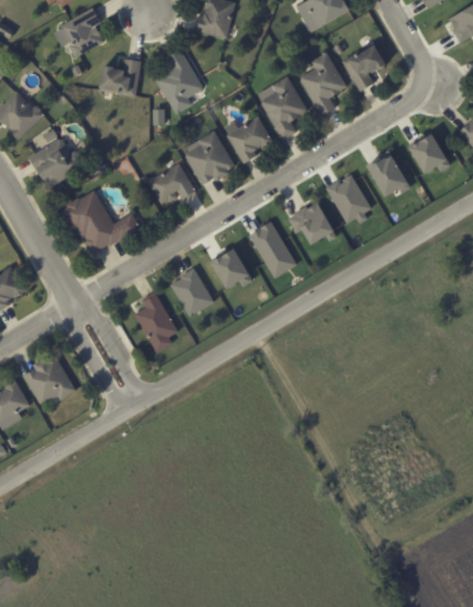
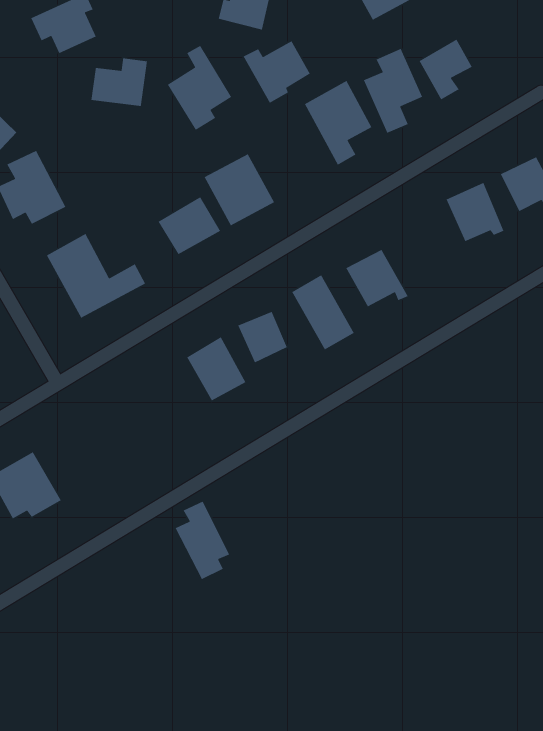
building: [223,115,275,163] -> [243,40,311,104]
building: [326,172,371,223] -> none
building: [135,292,177,351] -> [174,501,230,580]

